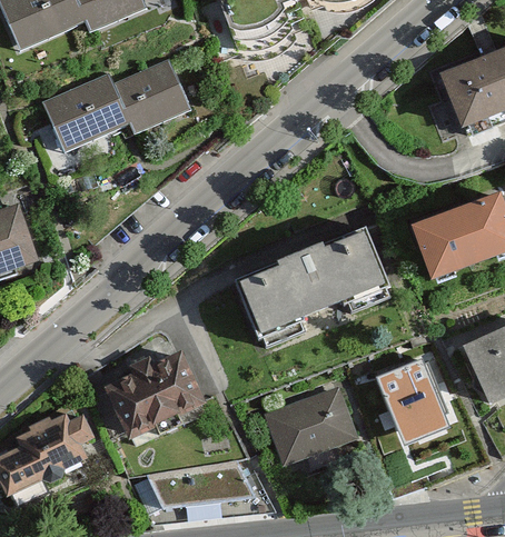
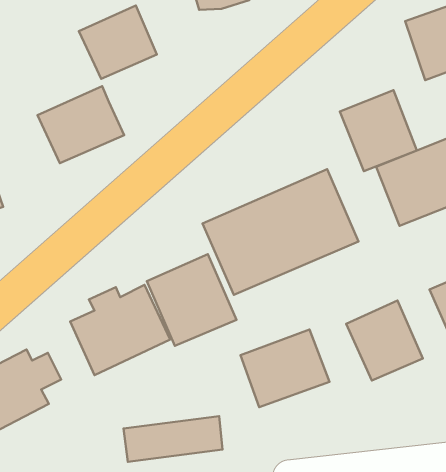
building: [41,71,128,148] -> [37,86,124,163]
building: none -> [340,90,417,171]
building: none -> [147,254,236,346]

